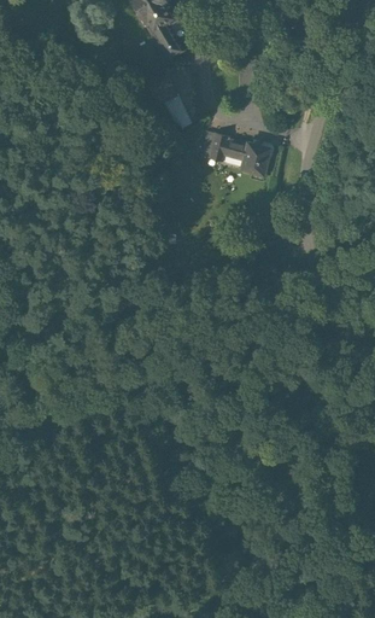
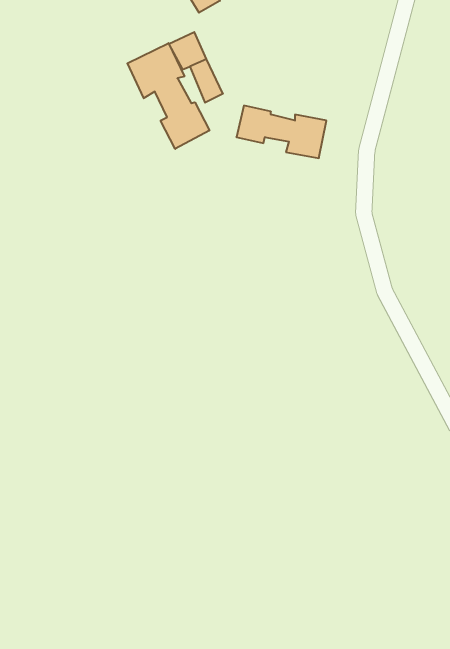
building: none -> [127,43,209,149]

